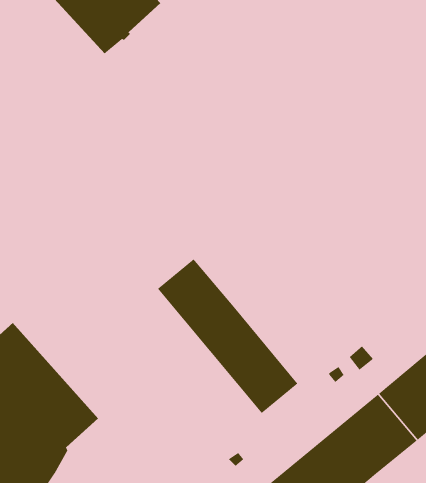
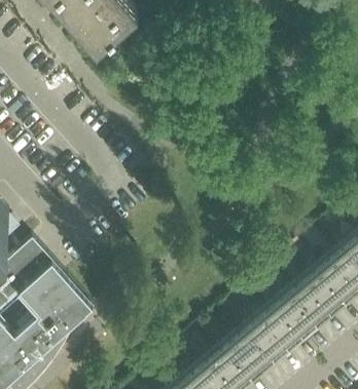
building: [157,258,298,414] -> none

